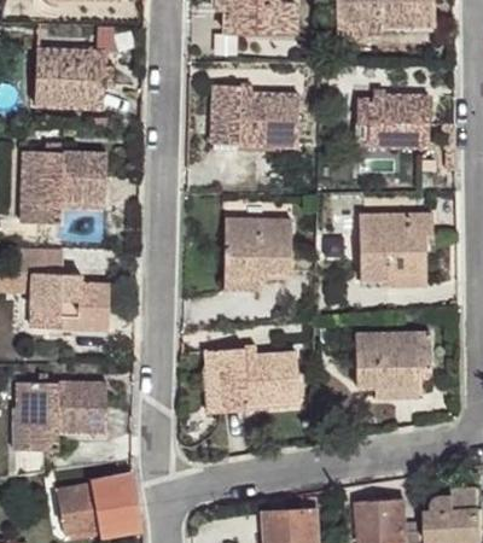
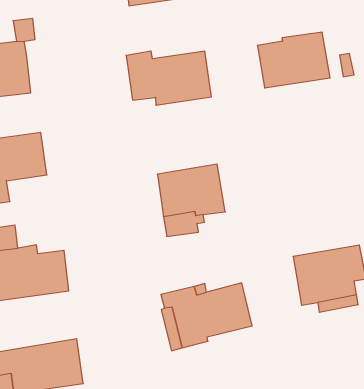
building: [359,214,433,286] -> none

